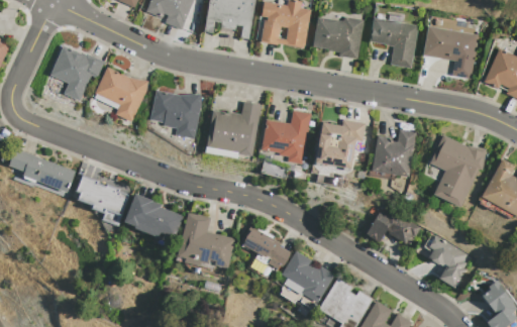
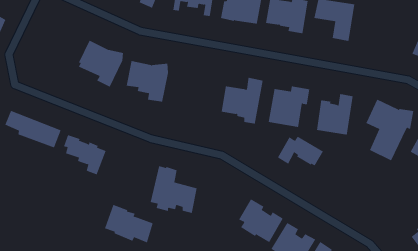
building: [424,26,479,80] -> none
building: [50,46,104,101] -> none
building: [206,102,261,158] -> none
building: [125,194,183,239] -> [104,204,154,243]
building: [367,210,421,245] -> [277,136,324,166]
building: [241,226,291,269] -> none
building: [424,235,468,288] -> none

